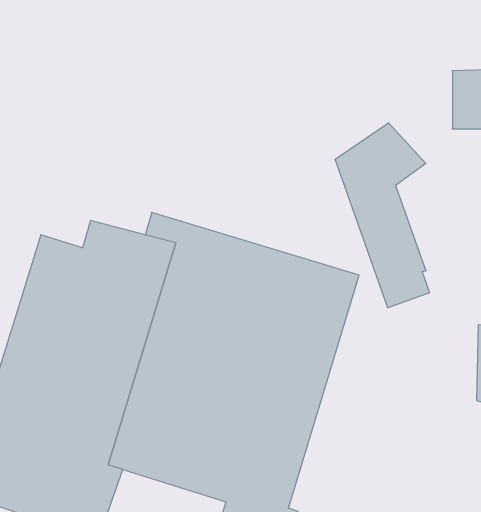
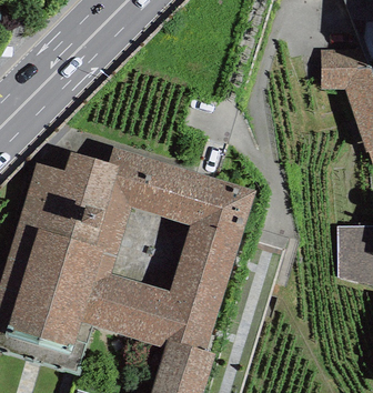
building: [335,123,429,308] -> none

